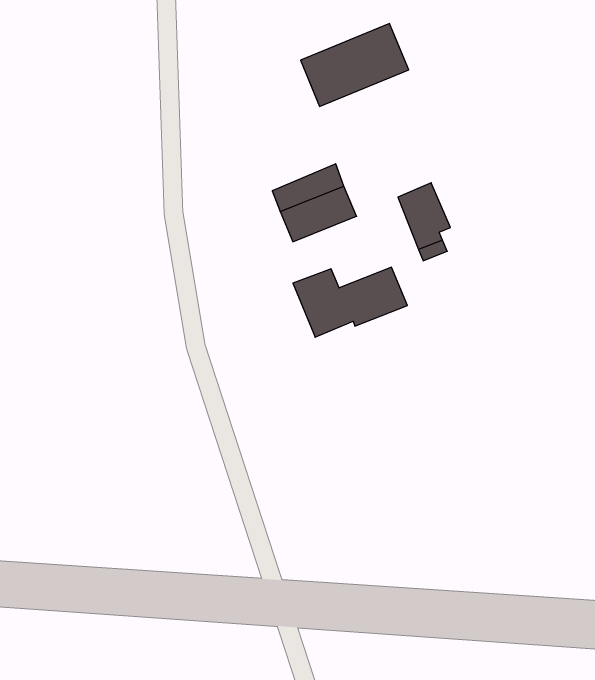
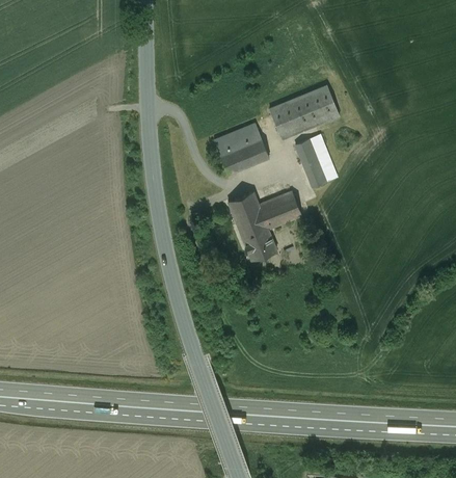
building: [301,24,409,106] -> [269,85,340,139]
building: none -> [242,225,276,260]

